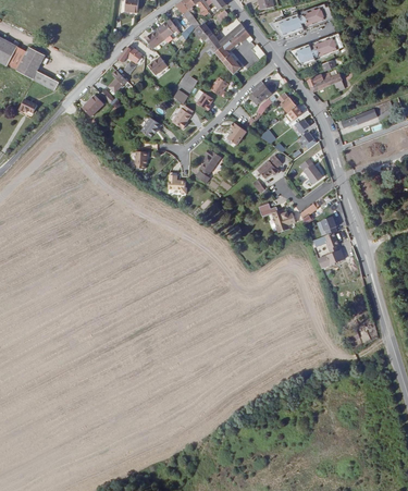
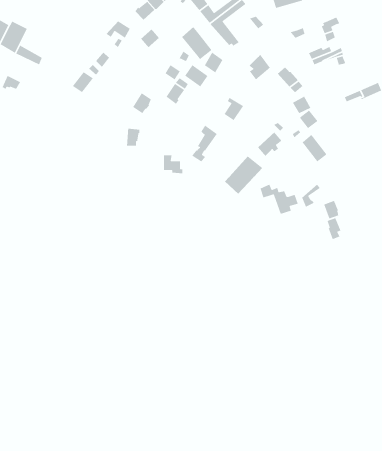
building: none -> [181,26,212,60]
building: none -> [224,155,263,194]

